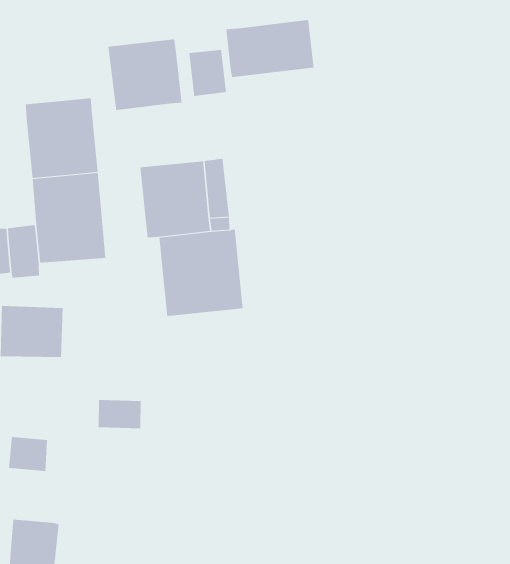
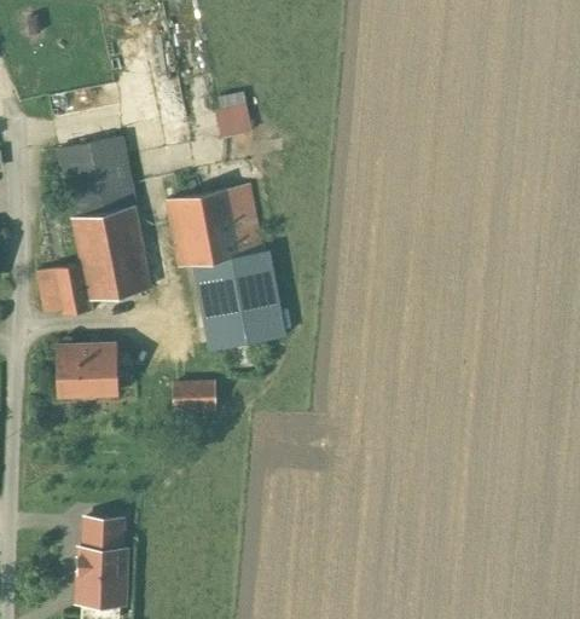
building: [226,19,314,78] -> none
building: [108,38,182,111] -> none
building: [98,399,142,429] -> [172,382,214,410]
building: [8,436,48,472] -> [81,516,117,548]

